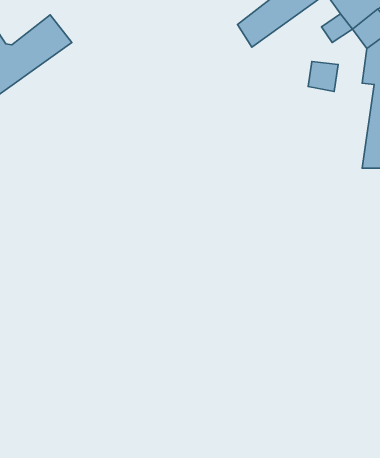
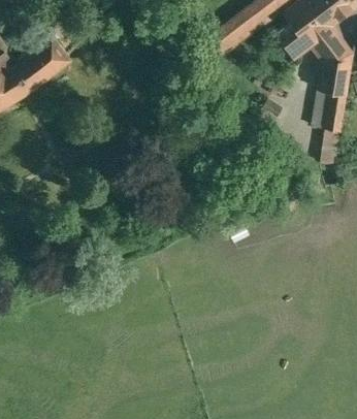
building: [308,62,338,91] -> none

